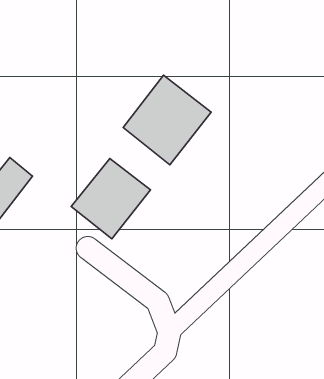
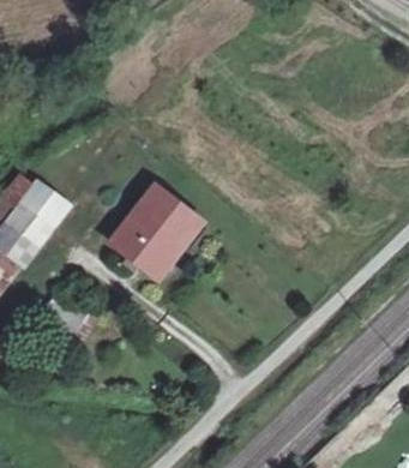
building: [123,75,211,165] -> none

